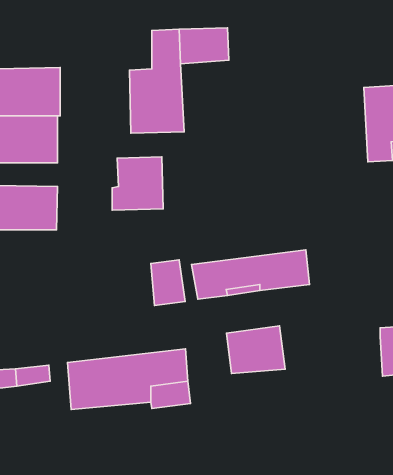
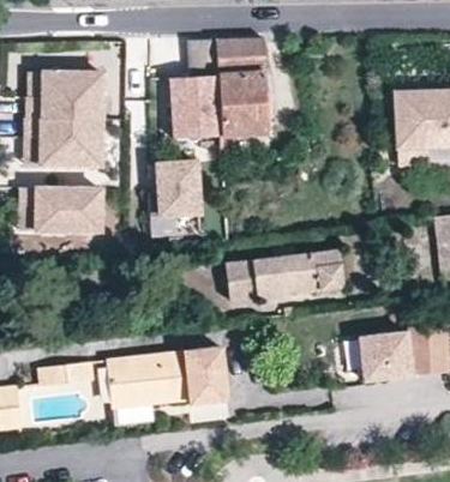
building: none -> [217,67,269,137]
building: [151,260,185,306] -> none
building: [226,326,285,374] -> none
building: none -> [365,335,413,376]

